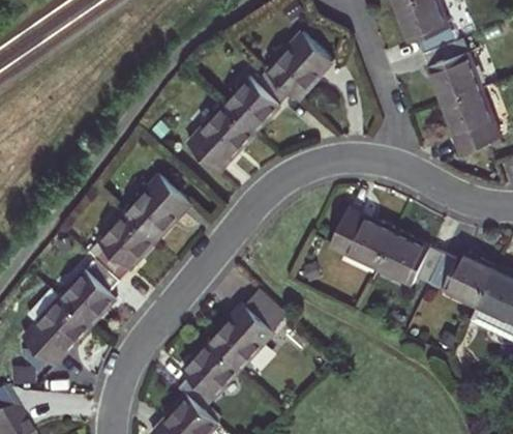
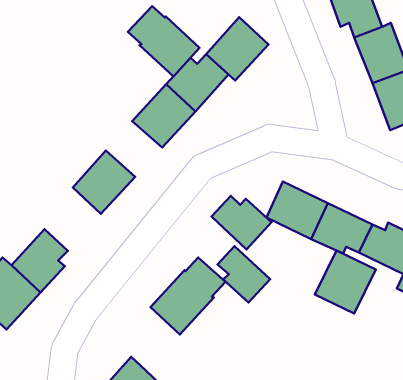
building: none -> [128,6,199,76]
building: [89,214,154,282] -> none
building: none -> [212,196,271,250]
building: none -> [217,246,270,302]
building: none -> [315,251,376,313]
building: [178,342,238,409] -> none

